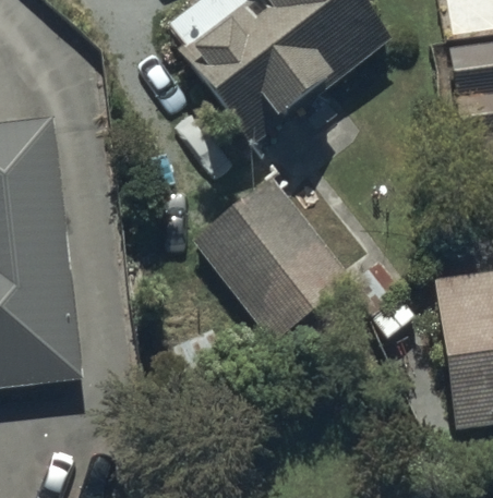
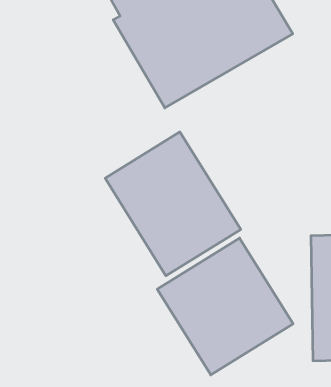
building: none -> [157,238,293,375]

